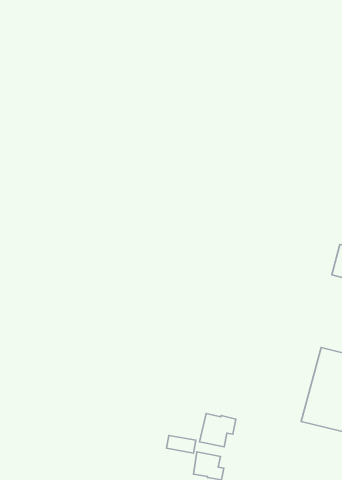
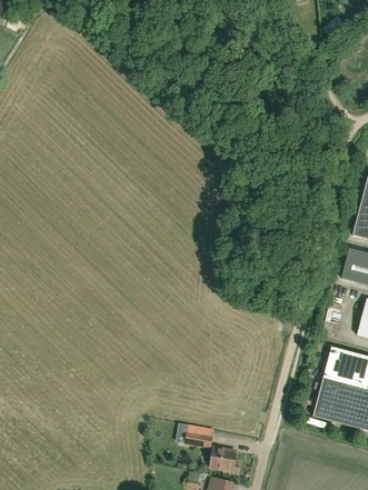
building: [199,413,236,447] -> none

